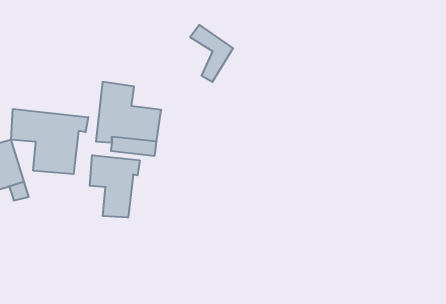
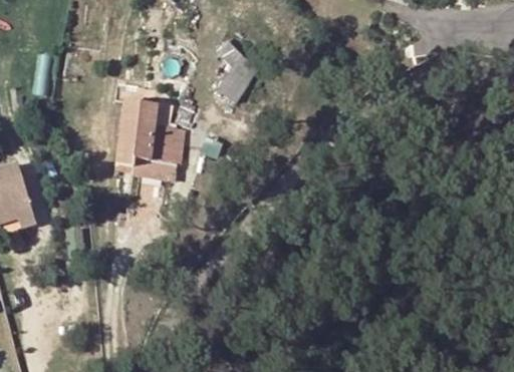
building: [11,109,88,174] -> none
building: [90,155,140,218] -> none

